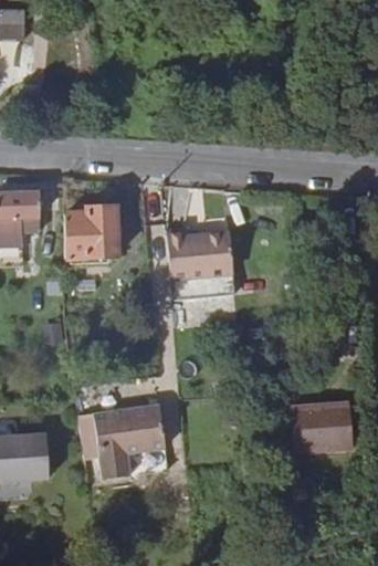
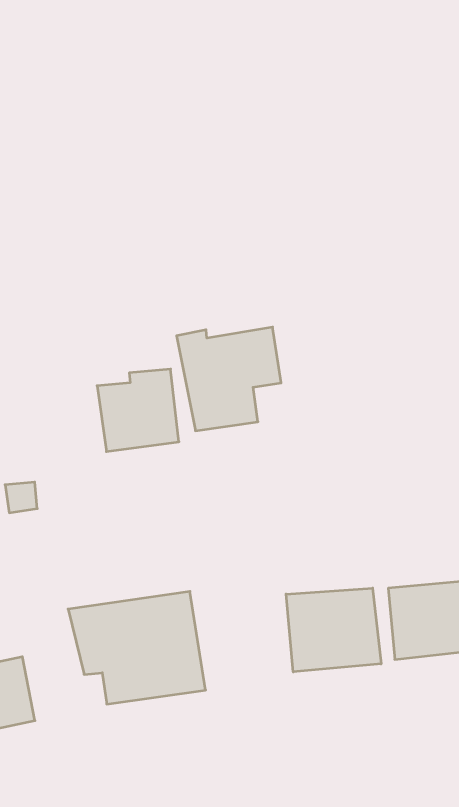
building: [64,203,115,254] -> [97,369,179,452]
building: none -> [286,588,381,672]

